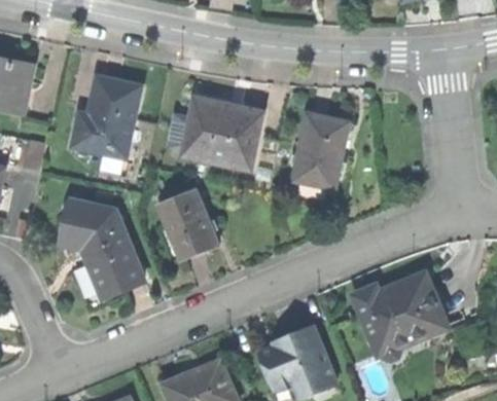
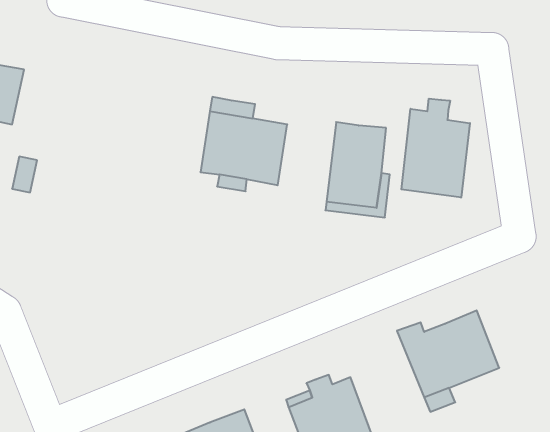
building: [71,78,138,156] -> none
building: none -> [401,99,470,198]
building: [162,190,222,259] -> none
building: [59,198,140,293] -> none

